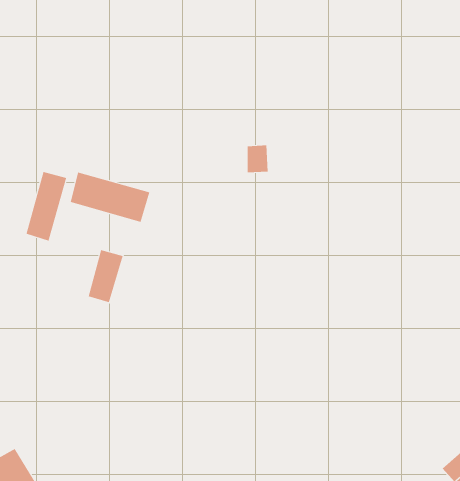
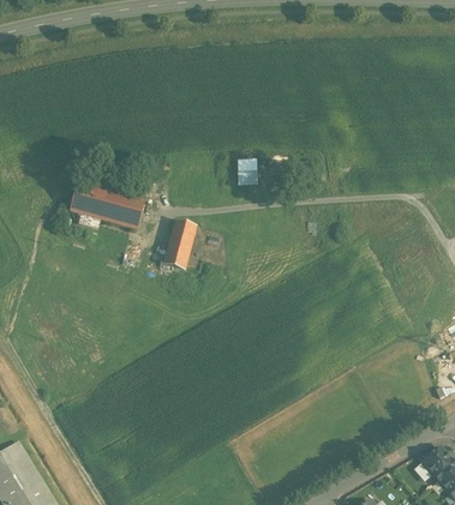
building: [26,171,67,241] -> none
building: [88,249,123,303] -> [163,220,197,270]

